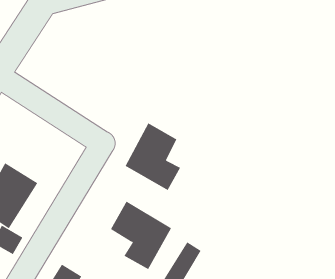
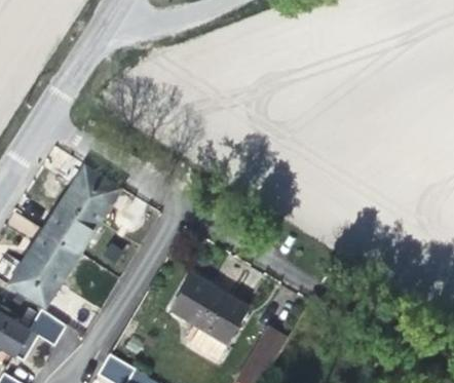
building: none -> [41,163,124,255]
building: [125,122,181,191] -> none

